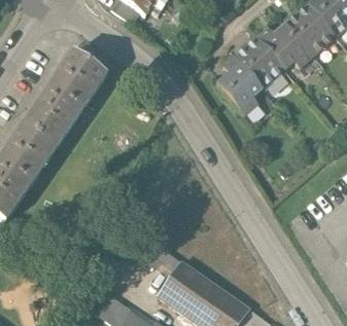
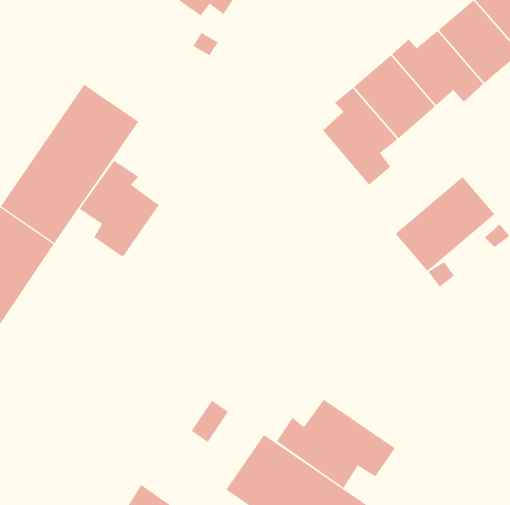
building: none -> [79,160,159,258]
building: none -> [395,176,495,272]
building: none -> [276,399,396,489]

